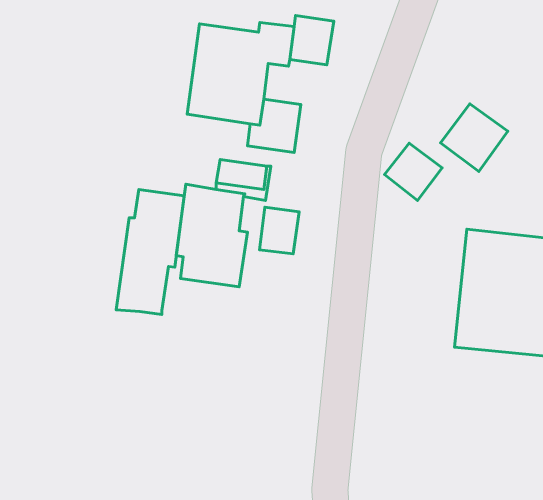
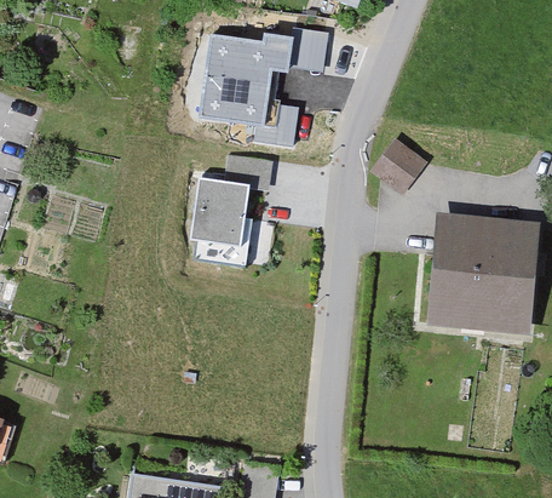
building: [440,104,508,172] -> none
building: [116,190,184,314] -> none
building: [260,207,299,254] -> none

